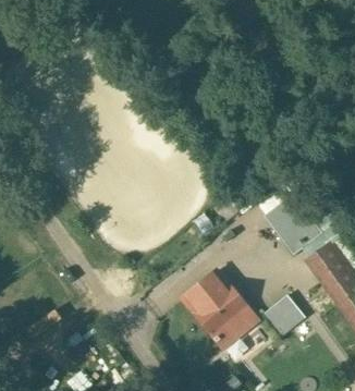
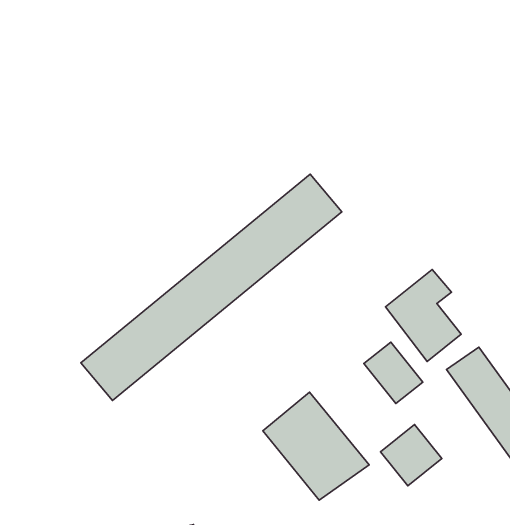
building: none -> [81,174,342,400]
building: none -> [364,342,423,404]

